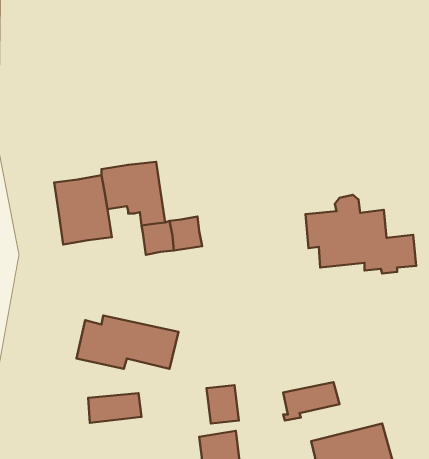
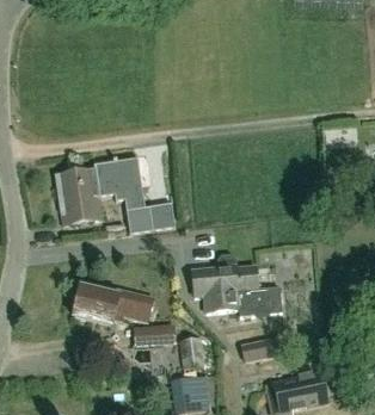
building: [305,195,416,273] -> [192,253,282,316]
building: [88,393,141,423] -> [133,323,176,347]

